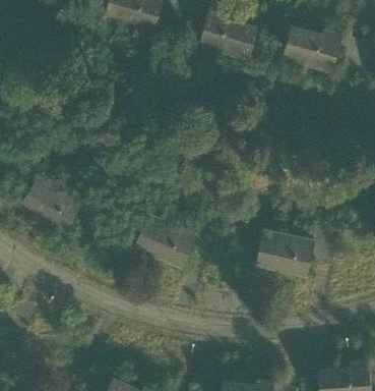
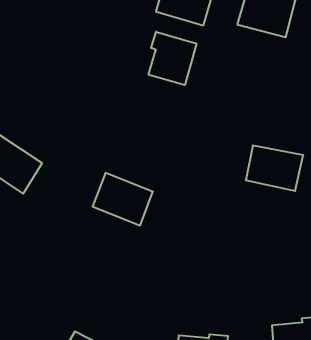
building: none -> [149,32,196,85]
building: [256,230,315,277] -> [246,145,303,191]

